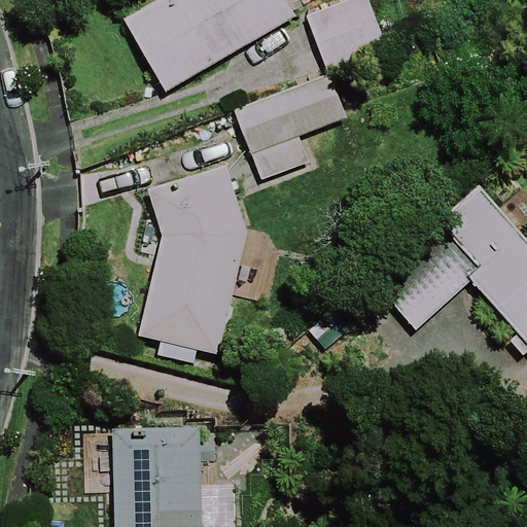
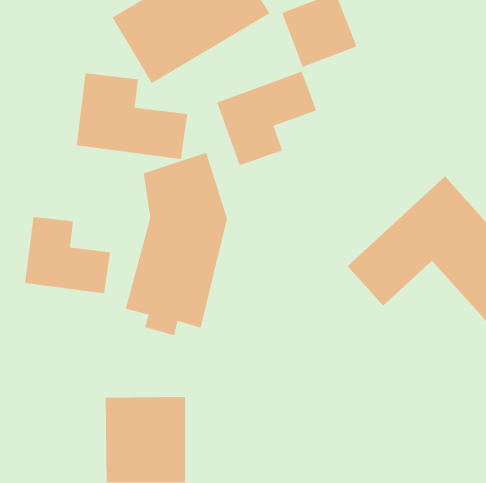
building: none -> [76,72,188,160]
building: none -> [24,216,111,294]

